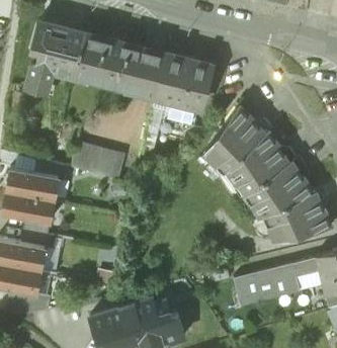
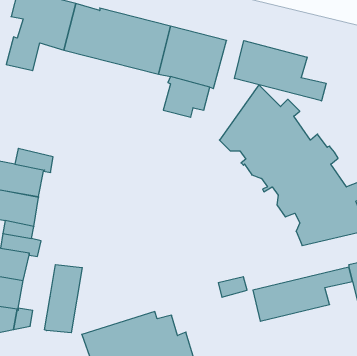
building: none -> [234,41,326,101]
building: [71,144,122,179] -> none
building: none -> [44,265,82,333]

